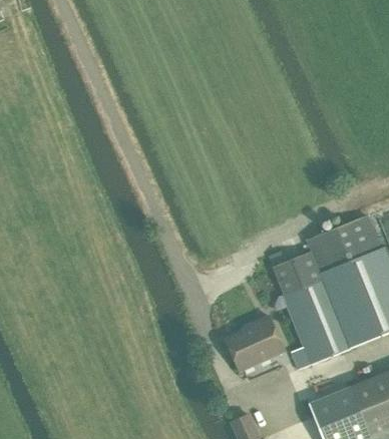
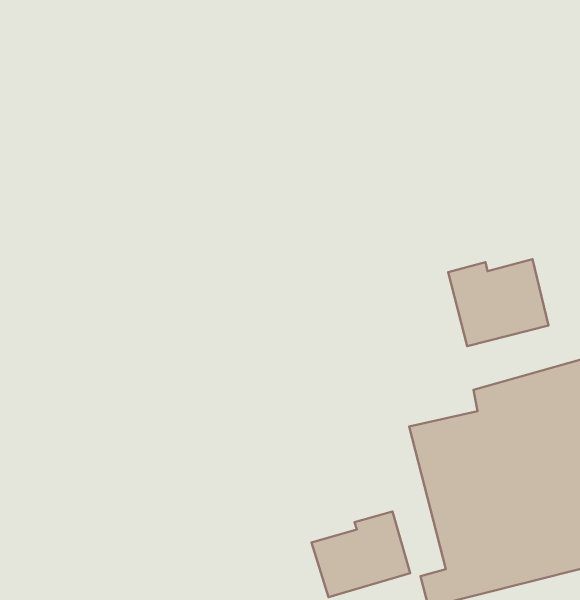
building: none -> [448,259,548,346]

